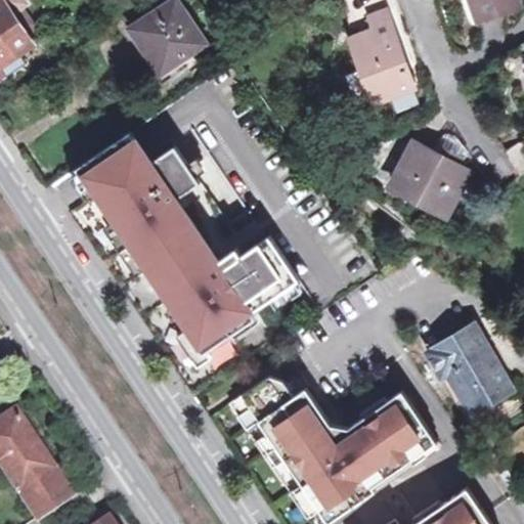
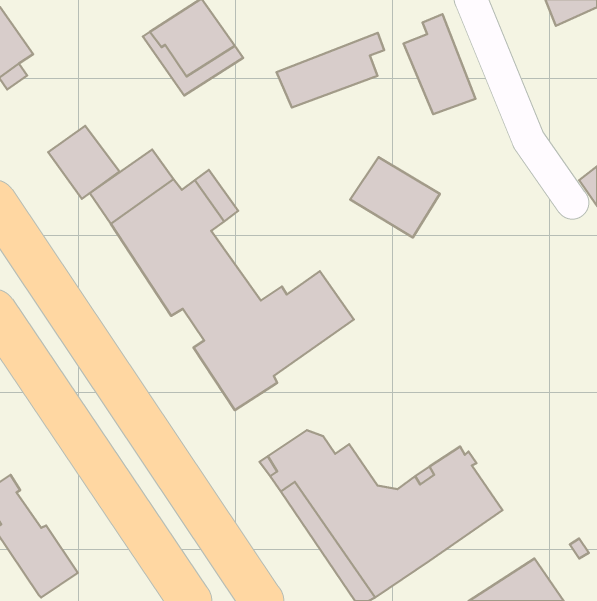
building: none -> [277,33,384,107]
building: none -> [48,126,120,199]
building: [390,142,468,212] -> [350,157,440,237]
building: [416,321,512,423] -> none

